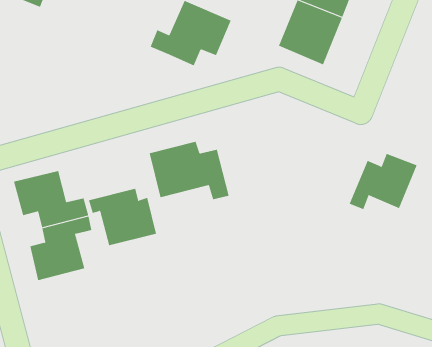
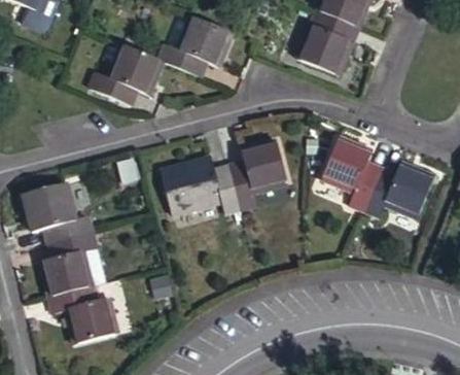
building: none -> [101,46,179,106]
building: none -> [228,134,288,208]
building: none -> [317,138,381,216]
building: [88,188,157,246] -> [45,282,115,341]

